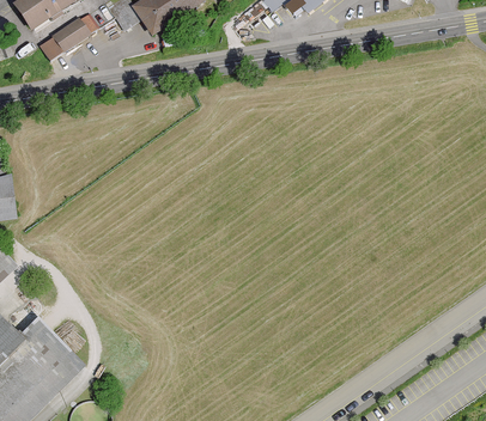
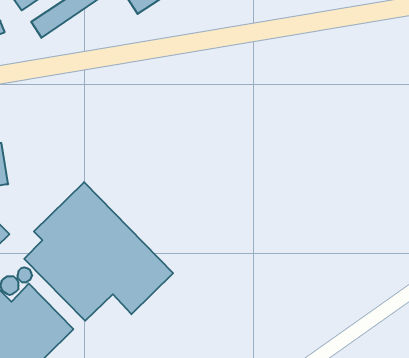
building: none -> [24,182,173,321]

